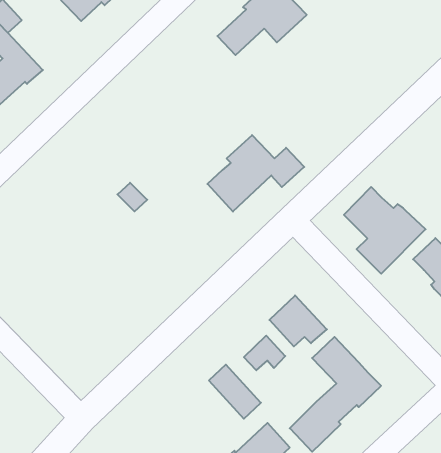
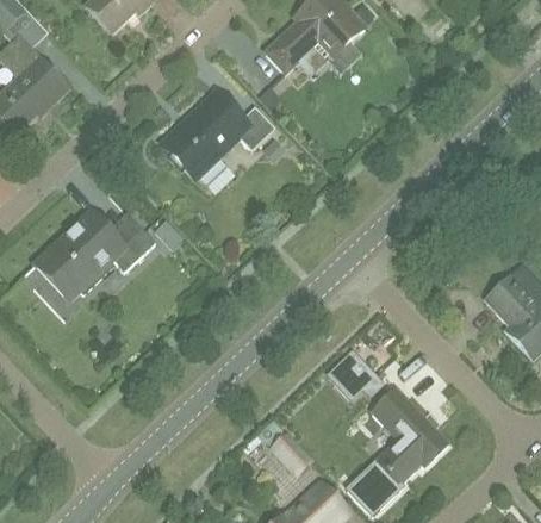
building: [207,135,304,212] -> [167,91,275,176]
building: none -> [31,211,155,303]
building: [344,187,426,274] -> none
building: [244,336,285,370] -> none

